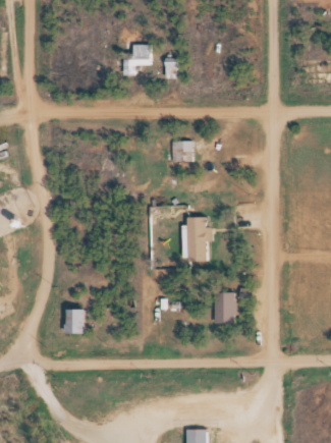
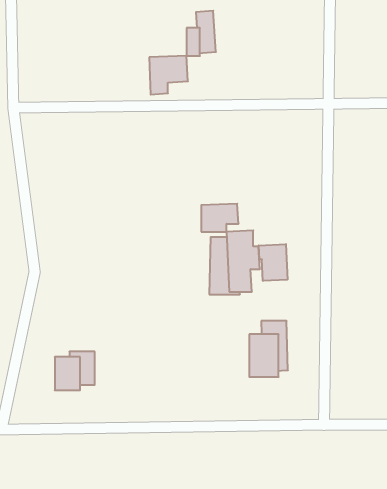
building: [123,46,153,75] -> [149,56,188,95]
building: [174,141,203,162] -> [201,204,239,232]
building: none -> [259,244,287,281]

